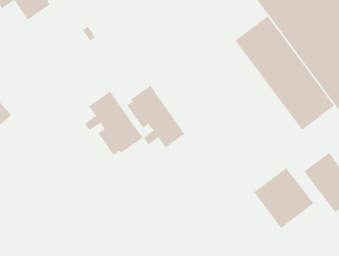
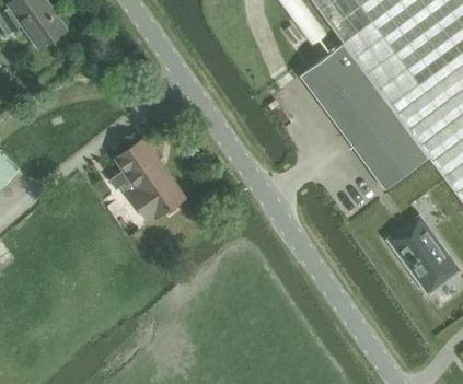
building: [126,85,185,148] -> none
building: [253,167,314,229] -> none

